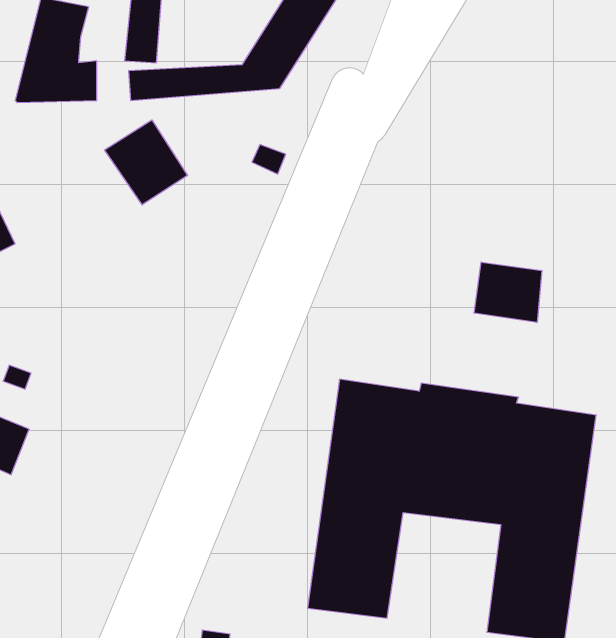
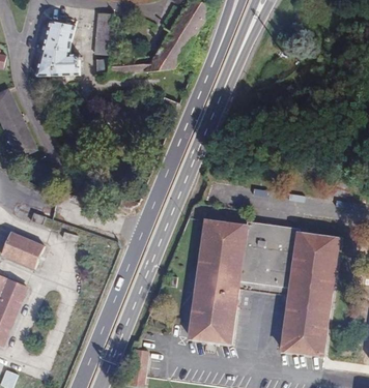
building: [104,120,188,205] -> none
building: [474,262,542,323] -> none

